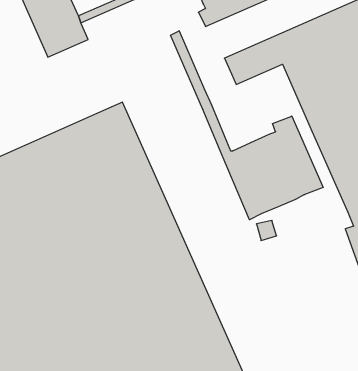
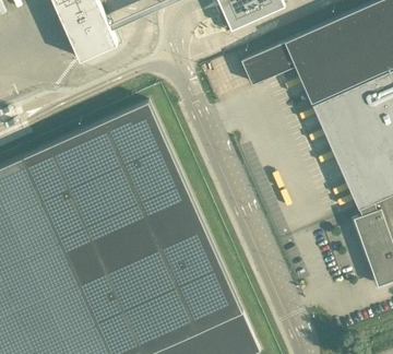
building: [171,31,323,220] -> none

